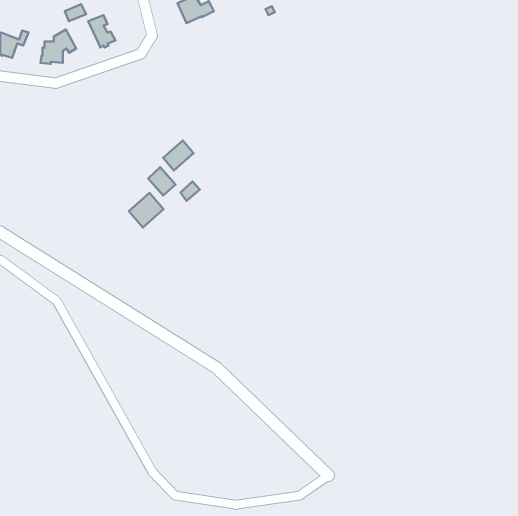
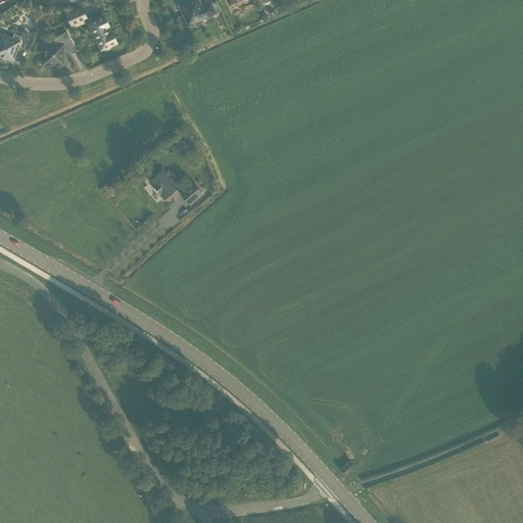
building: [163,140,193,171] -> none
building: [129,193,163,228] -> none

